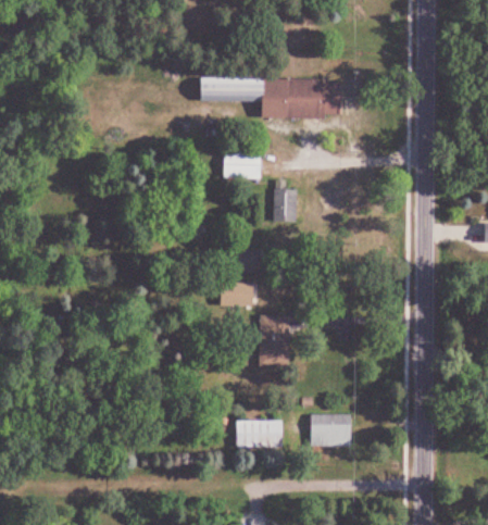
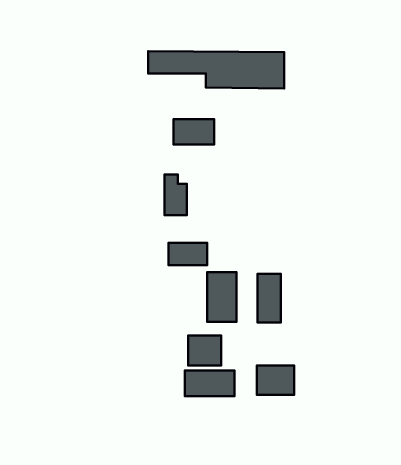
building: [275,178,299,222] -> [165,175,187,215]
building: none -> [258,274,281,322]
building: none -> [188,336,221,366]

